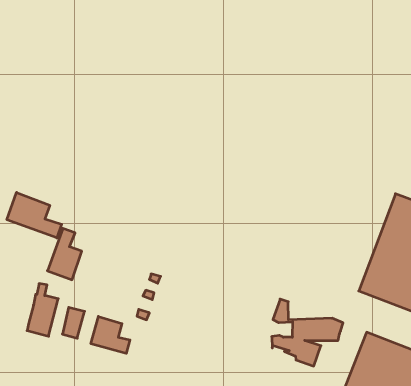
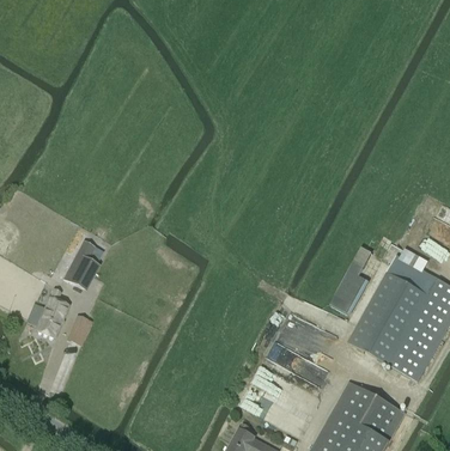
building: [7,192,62,238] -> none
building: none -> [332,269,369,313]
building: [91,316,130,353] -> none

